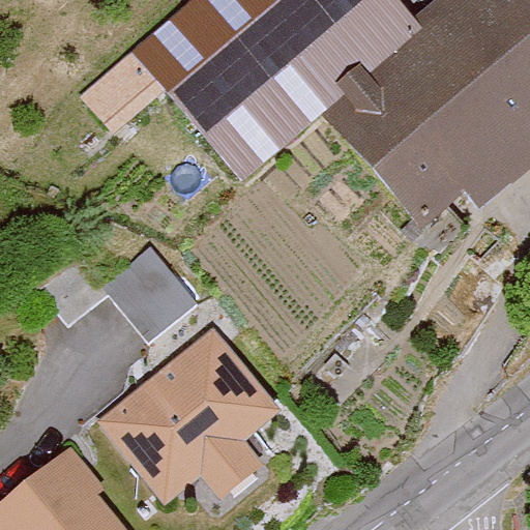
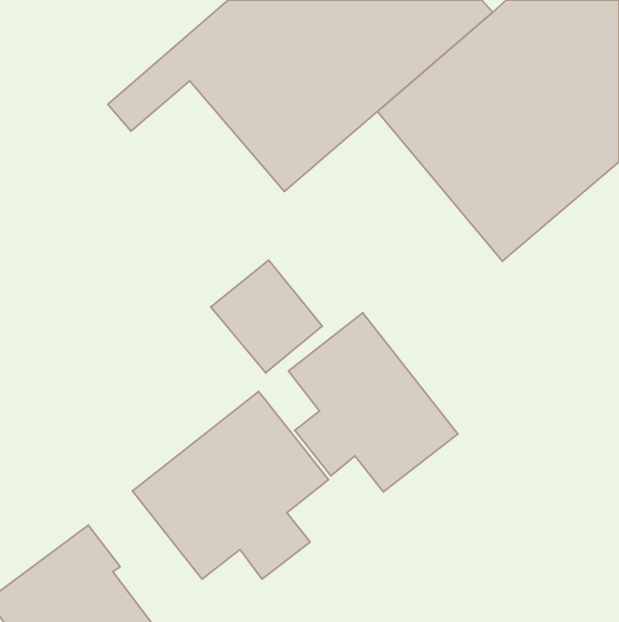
building: [97,249,192,345] -> [211,260,322,373]
building: none -> [288,313,458,492]

